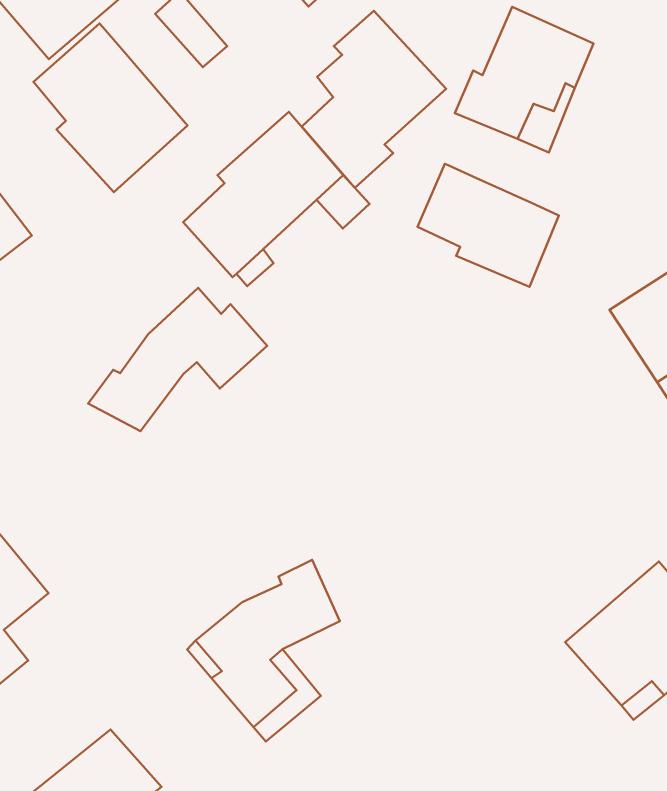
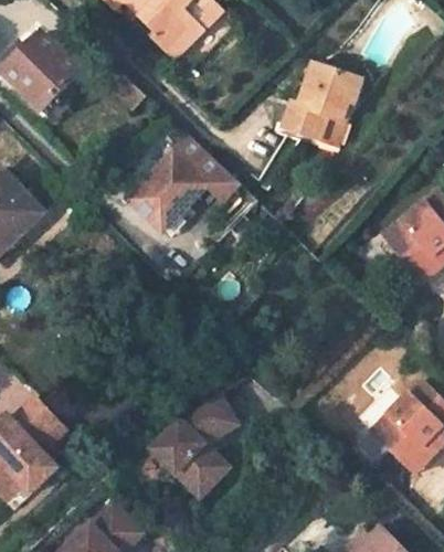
building: [302,11,446,188] -> none
building: [34,24,187,192] -> none
building: [418,164,559,287] -> none
building: [88,288,267,431] -> none

